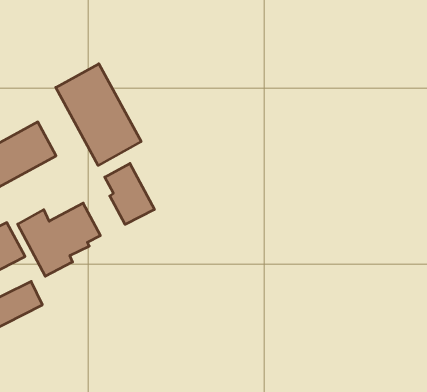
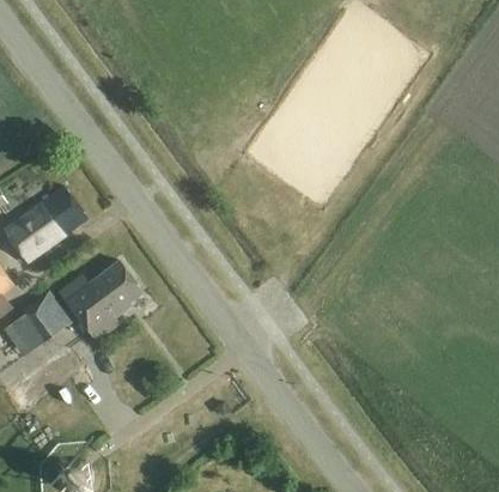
building: [56,64,141,165] -> none
building: [105,163,154,224] -> none

